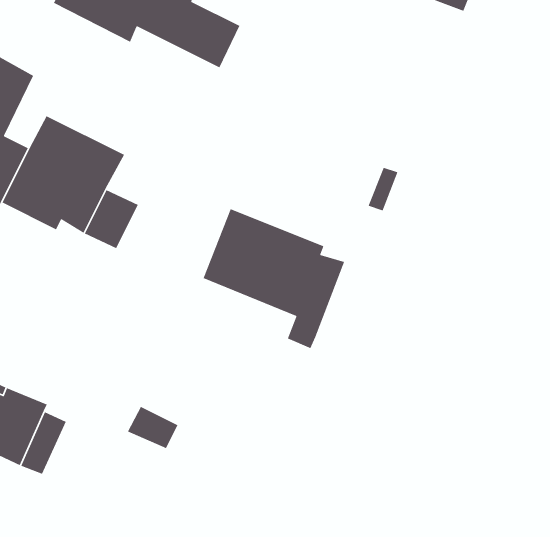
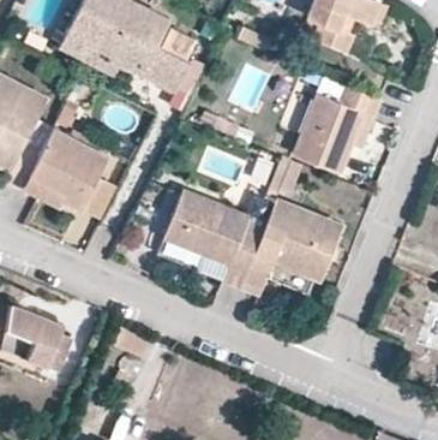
building: none -> [292,85,380,172]
building: none -> [244,200,341,287]

